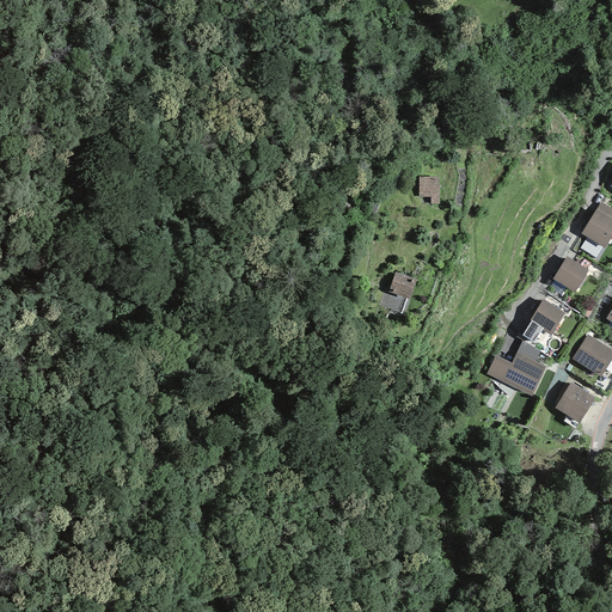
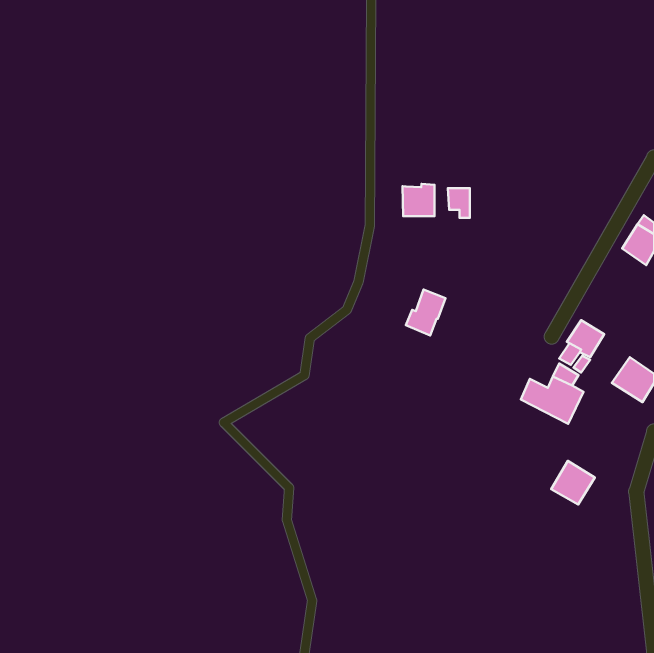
building: none -> [403,184,435,216]
building: [552,256,588,292] -> none
building: [555,381,595,422] -> [551,461,595,505]

